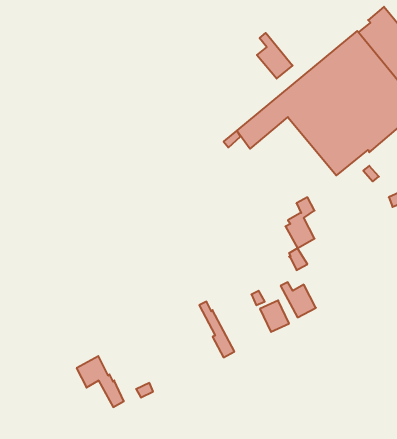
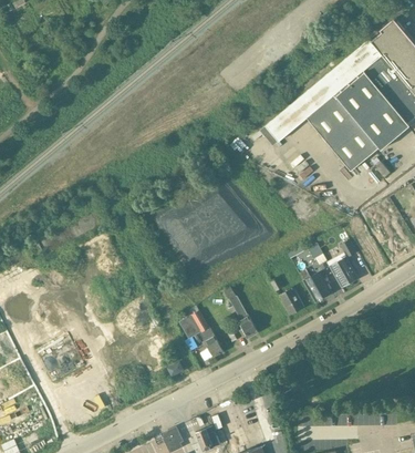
building: [257,33,293,79] -> none
building: [285,197,315,248] -> [330,239,356,286]
building: [77,356,124,407] -> [179,310,222,357]

